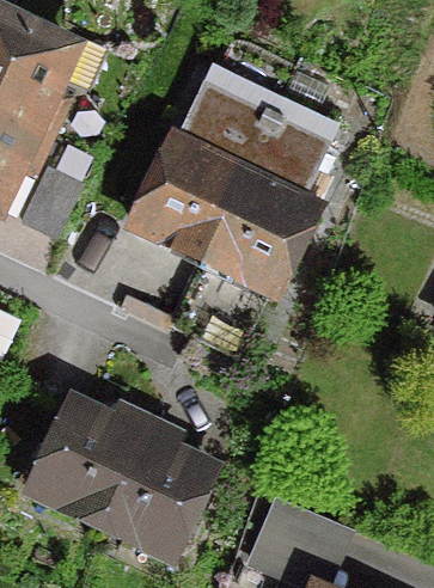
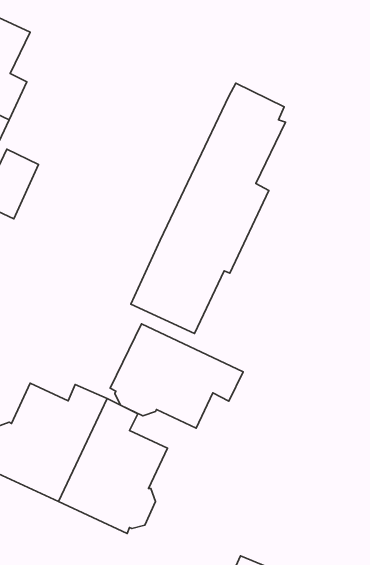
building: [133,78,273,257] -> none
building: none -> [110,324,243,428]

